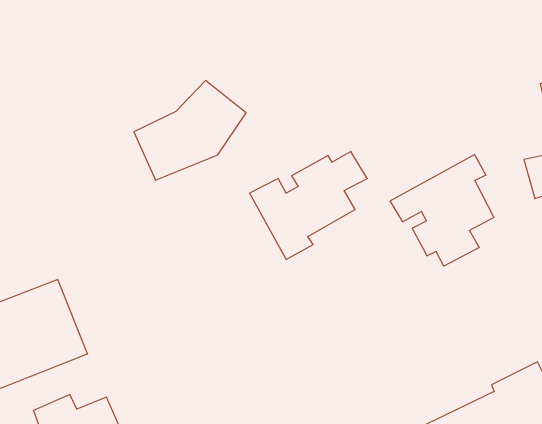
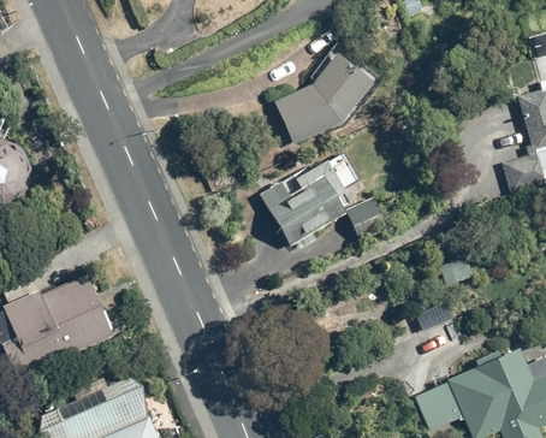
building: [134,80,246,180] -> [275,54,375,143]
building: [390,155,494,266] -> none

